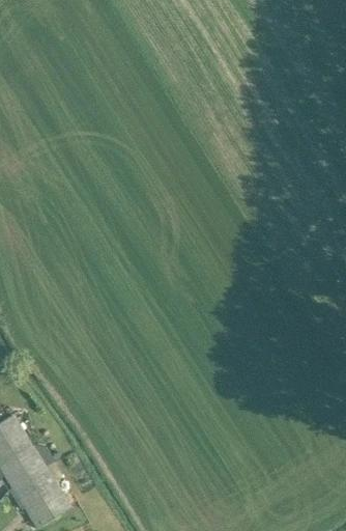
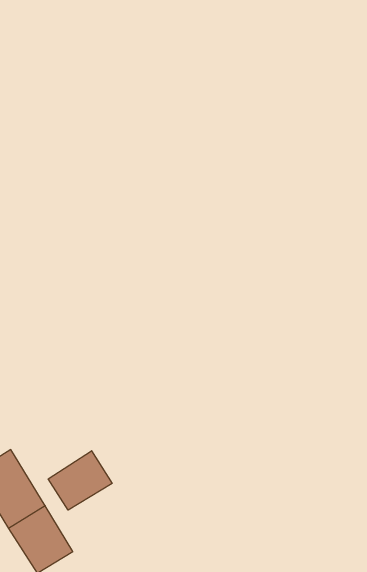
building: none -> [48,451,112,510]

